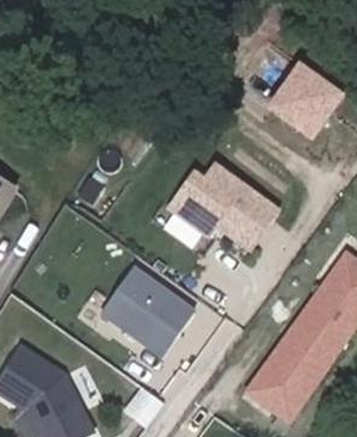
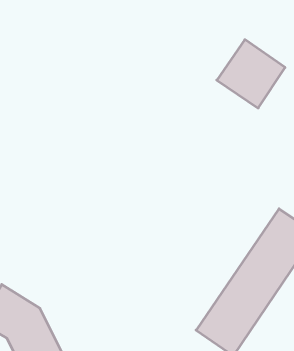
building: [167,170,282,253] -> none
building: [99,266,191,353] -> none

